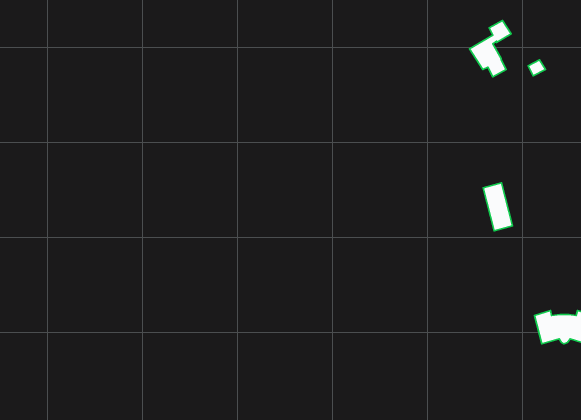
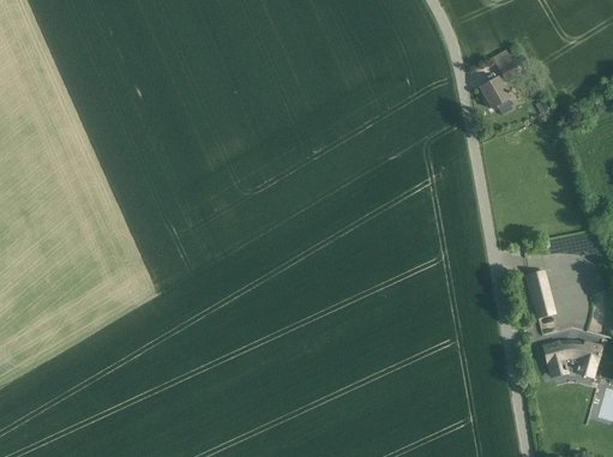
building: [483,183,512,231] -> [525,270,554,317]

